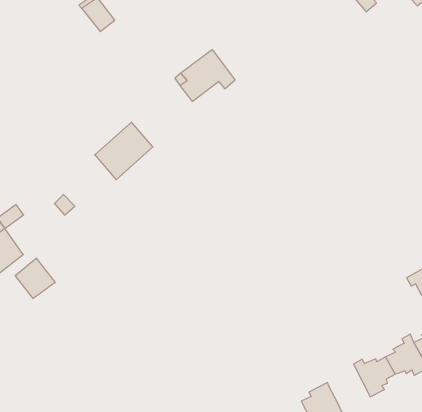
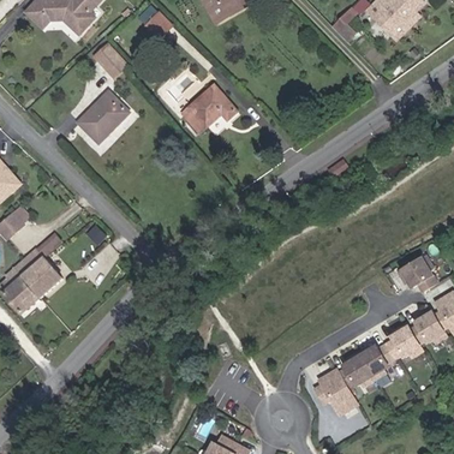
building: [95,122,153,180] -> [78,91,129,143]
building: [15,258,55,298] -> none
building: none -> [337,352,375,388]

